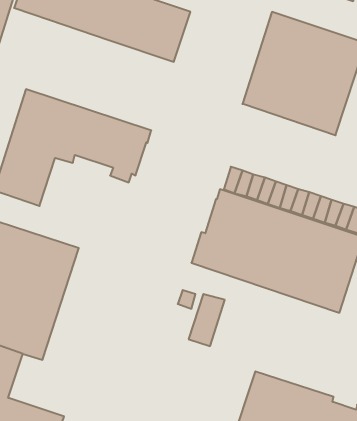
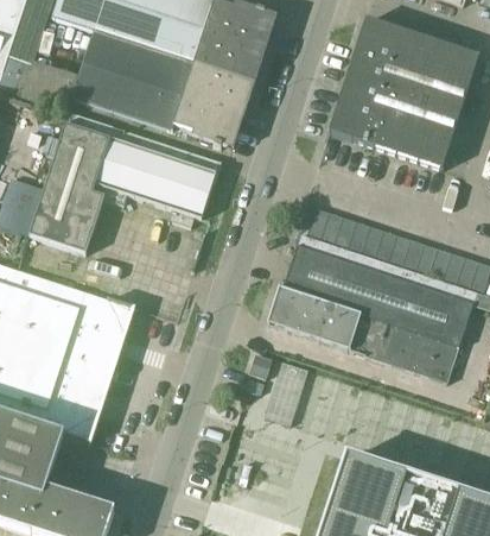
building: none -> [72,27,246,140]

